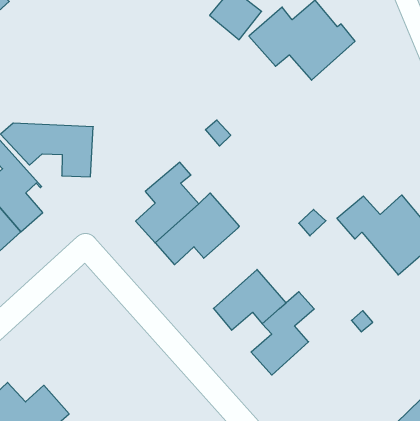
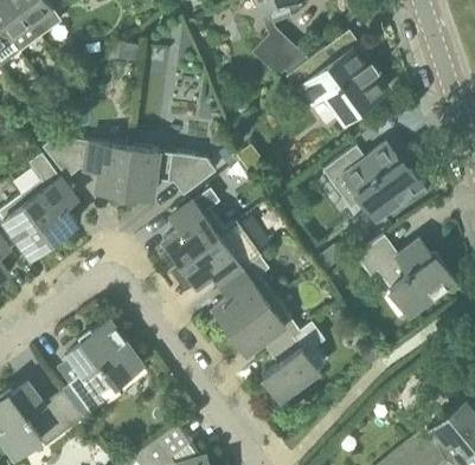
building: none -> [323,144,422,219]
building: none -> [124,148,217,199]
building: none -> [213,257,275,331]
building: none -> [66,319,142,413]

